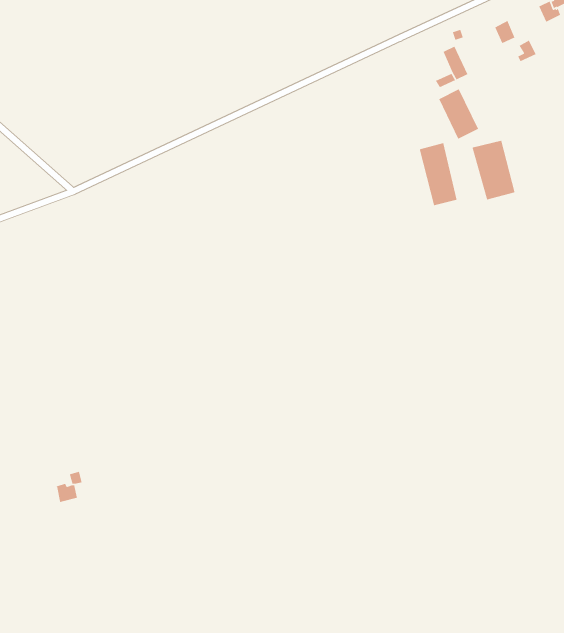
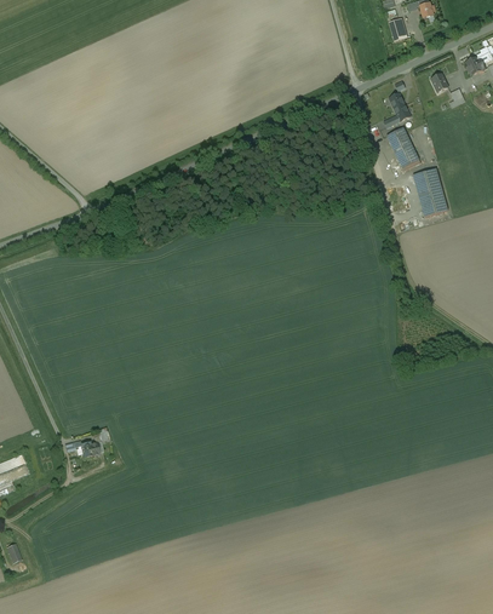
building: [419,142,458,206] -> none

